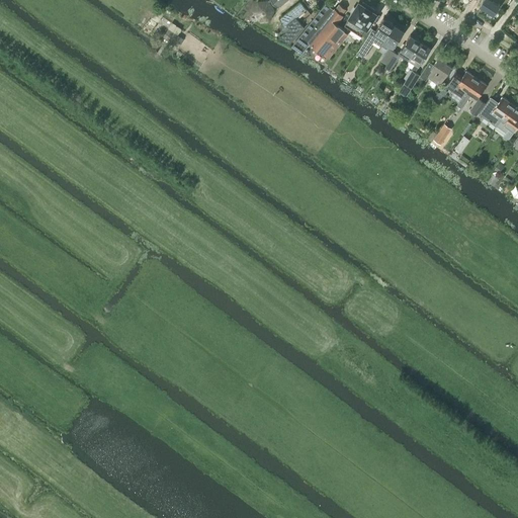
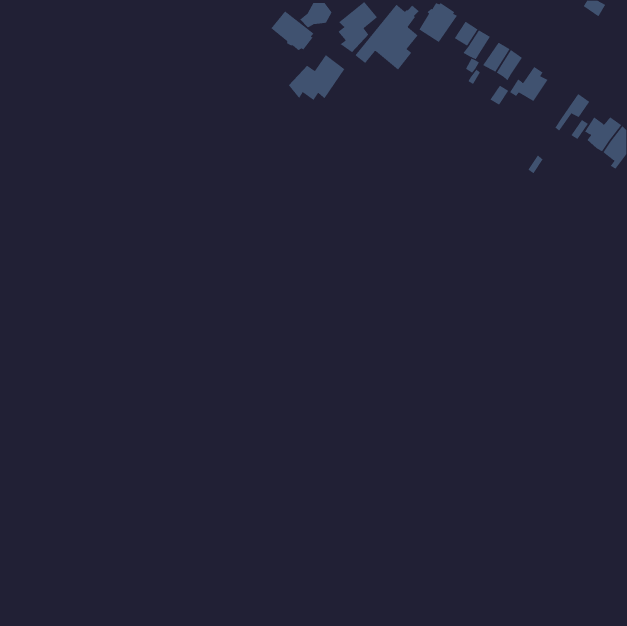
building: none -> [270,11,314,51]
building: none -> [288,54,345,101]
building: [446,71,477,98] -> none

